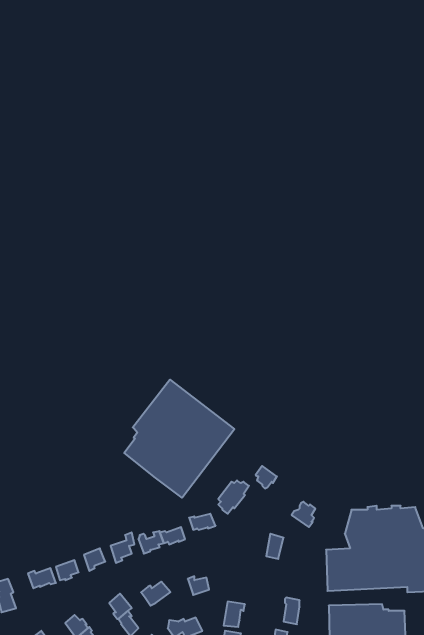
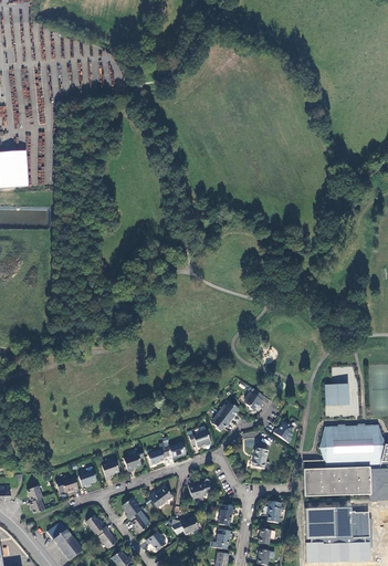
building: [124,380,234,498] -> none
building: none -> [325,382,350,405]

